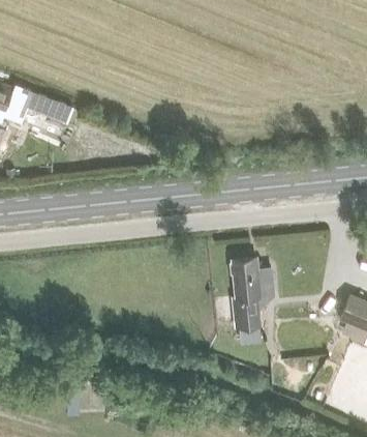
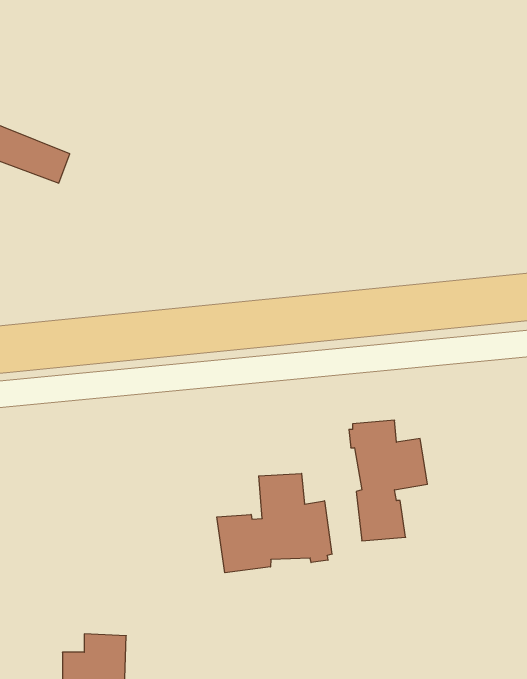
building: none -> [217,473,332,573]

